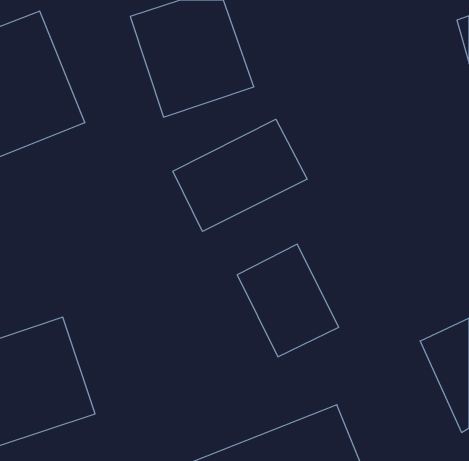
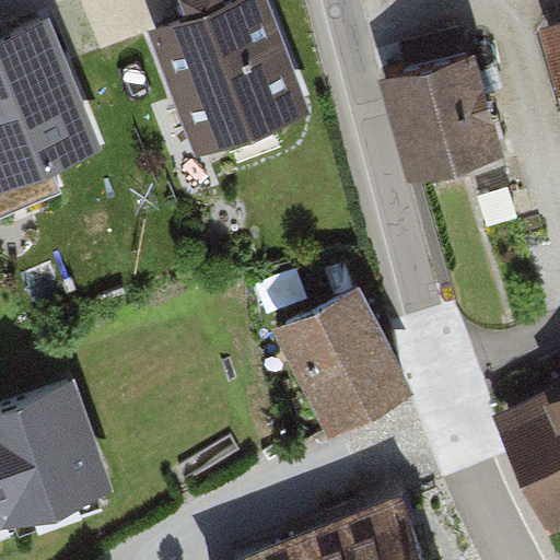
building: none -> [388,55,503,177]
building: [173,119,307,231] -> none

